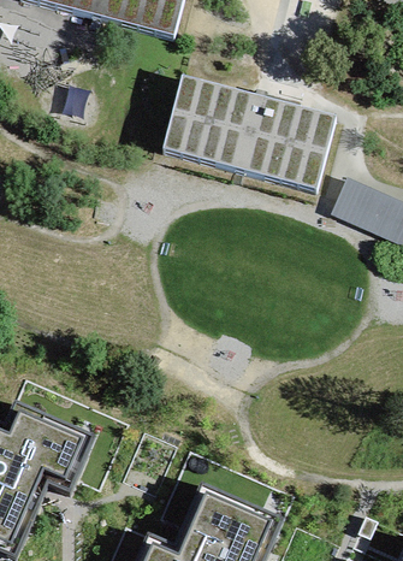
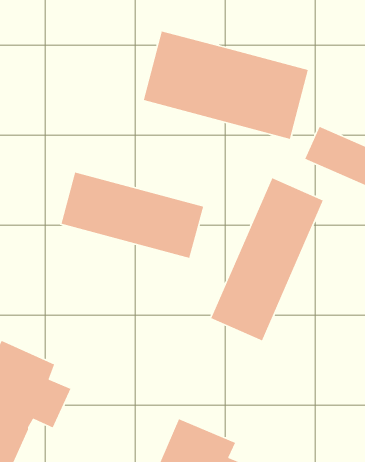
building: none -> [60,172,204,259]
building: none -> [210,177,324,341]

